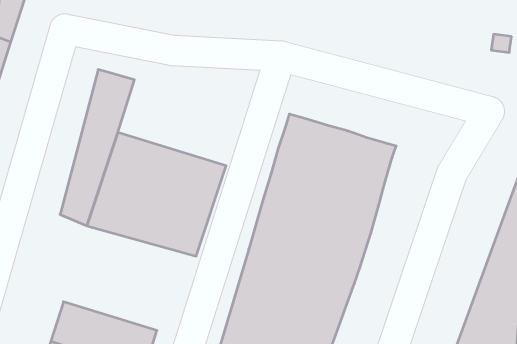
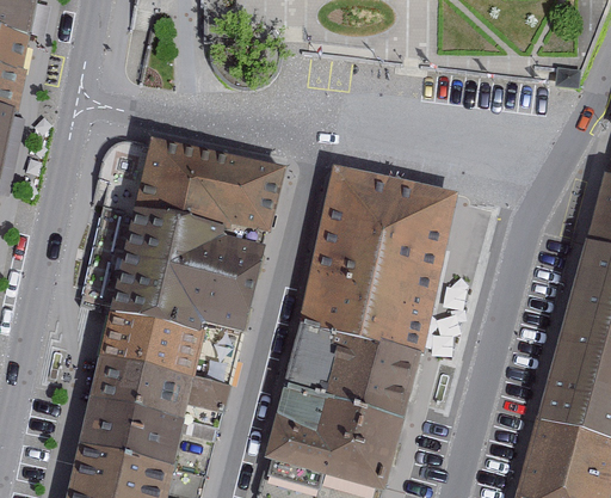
building: none -> [143,139,283,228]
building: none -> [95,307,241,423]

